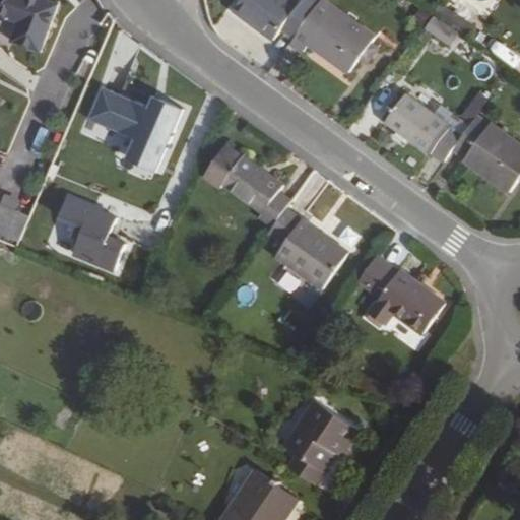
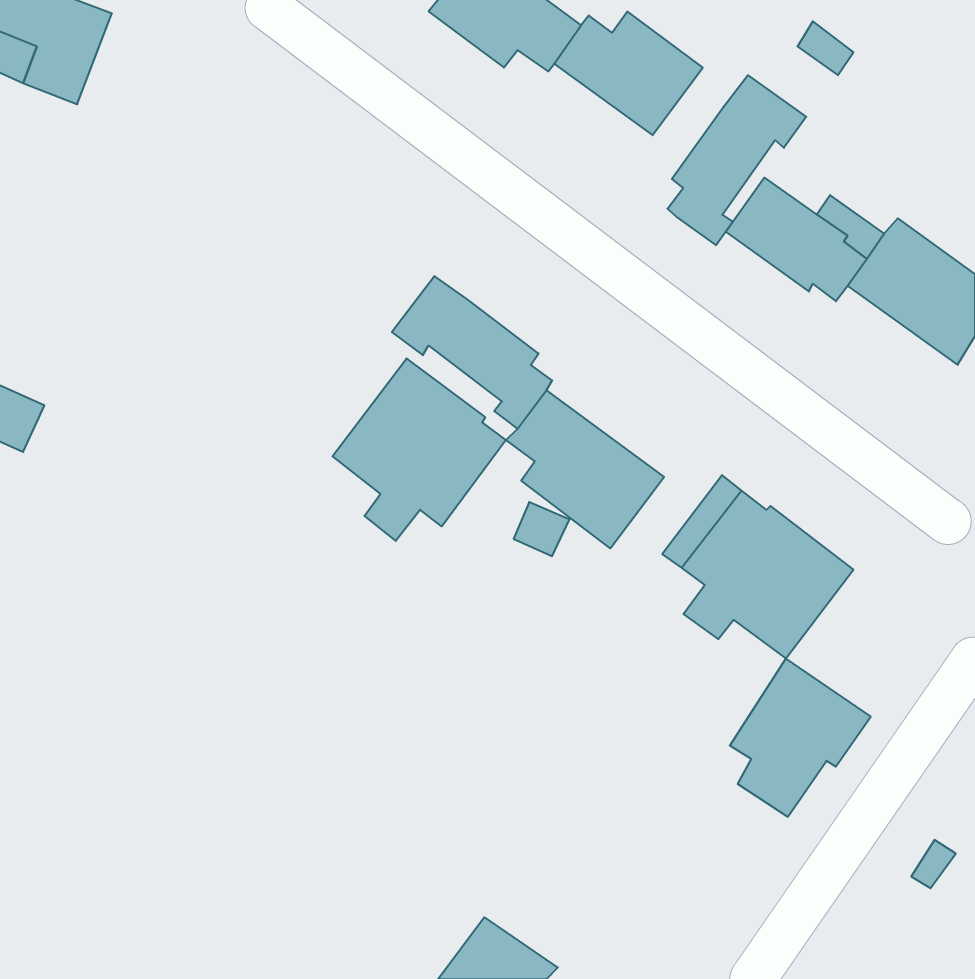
building: none -> [667,75,806,245]
building: [85,81,184,168] -> none
building: none -> [332,358,506,541]
building: [57,194,123,266] -> none
building: [284,412,359,496] -> [730,658,871,817]

